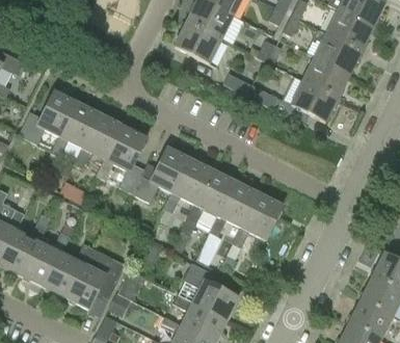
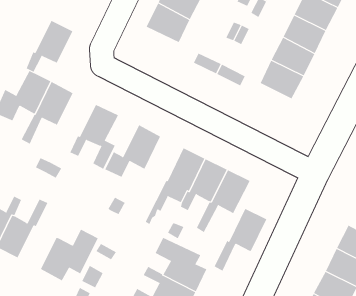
building: [74,114,123,168] -> [26,20,73,72]
building: [158,159,213,225] -> [214,208,267,271]
building: [43,243,92,296] -> none

